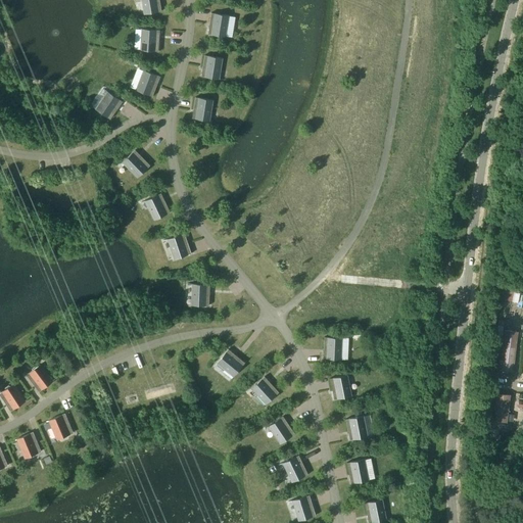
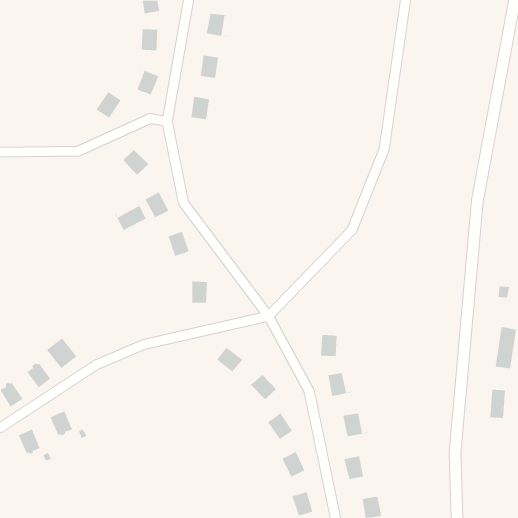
building: none -> [114,204,147,231]
building: none -> [45,337,77,373]

